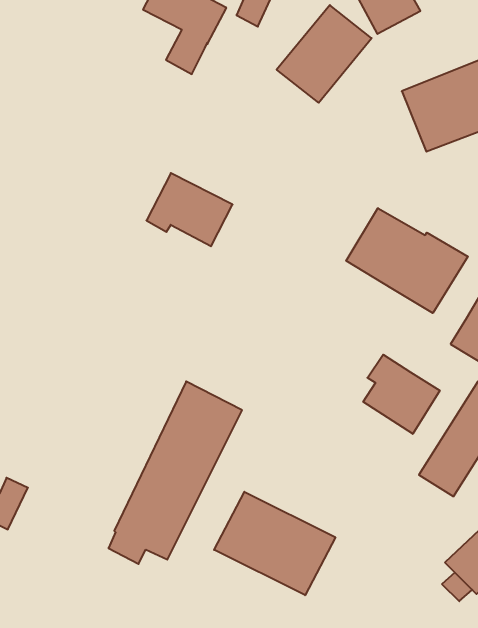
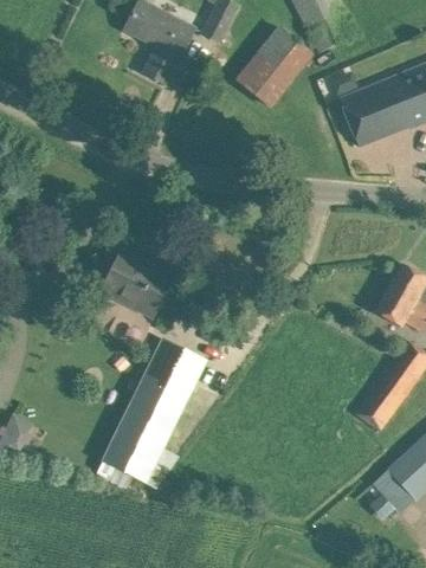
building: [146,173,233,246] -> [102,251,173,311]
building: [346,208,468,313] -> none
building: [363,355,440,434] -> none
building: [214,492,335,595] -> none

